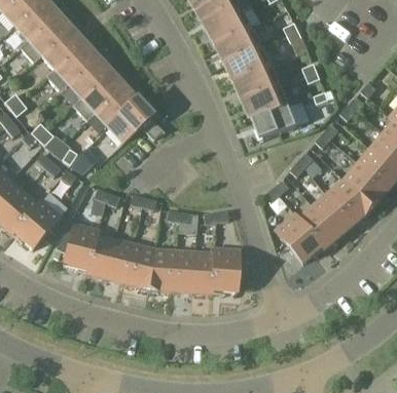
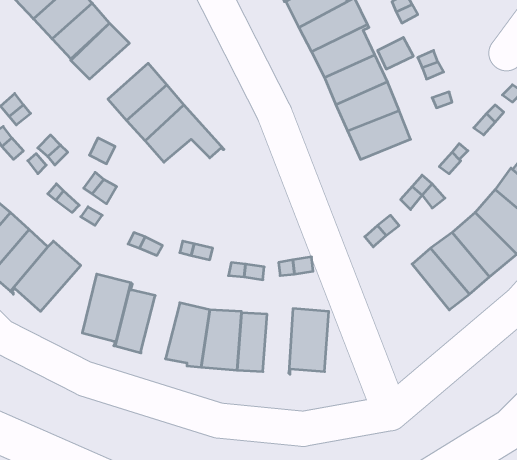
building: [67,56,109,96] -> none
building: [276,212,325,262] -> none
building: [104,237,132,282] -> none
building: [191,246,213,292] -> none

